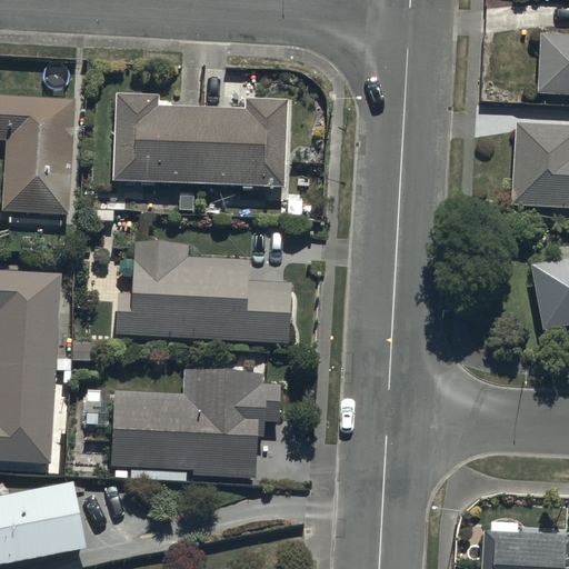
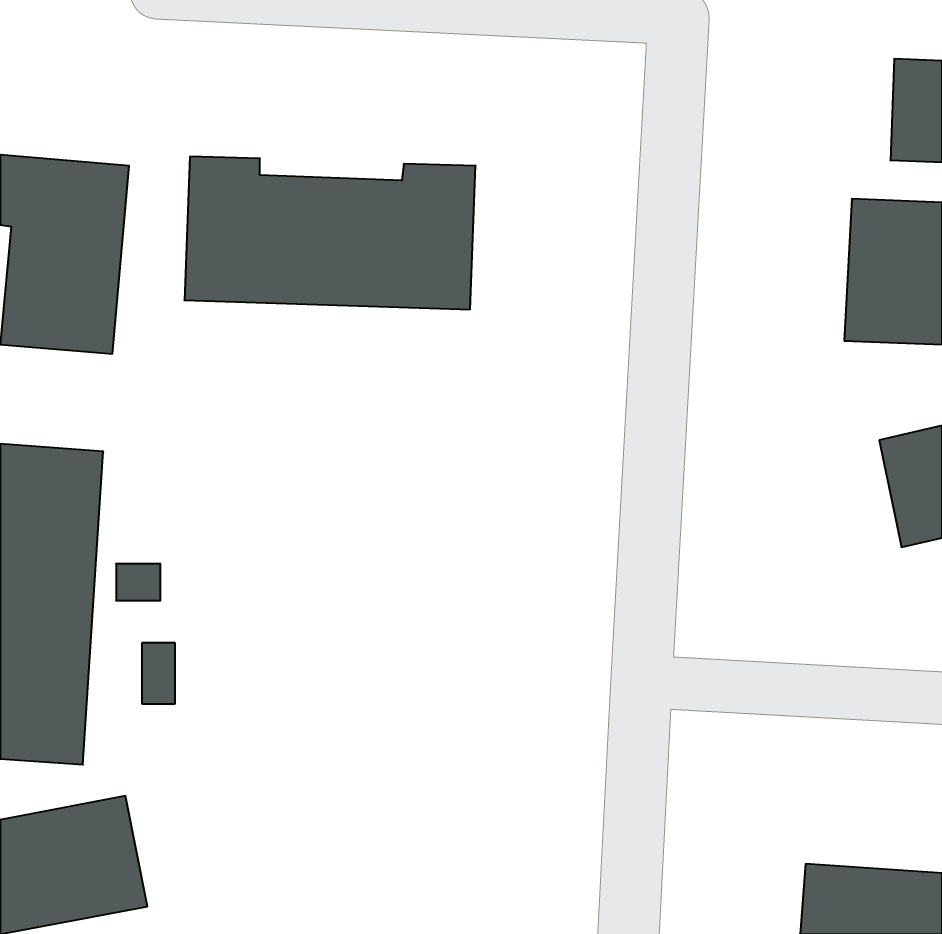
building: [116,240,290,343] -> none
building: [109,369,262,475] -> none

